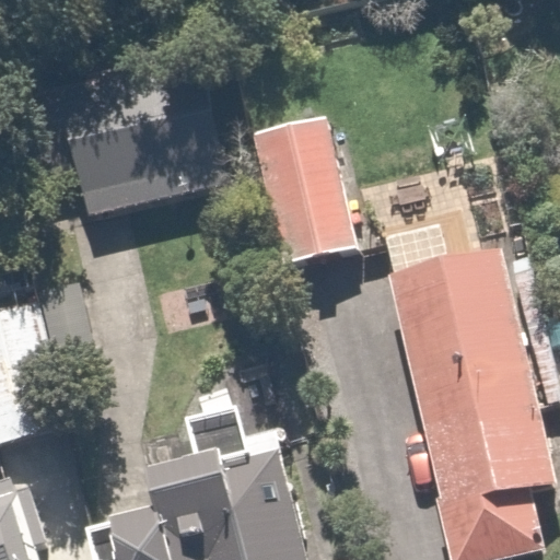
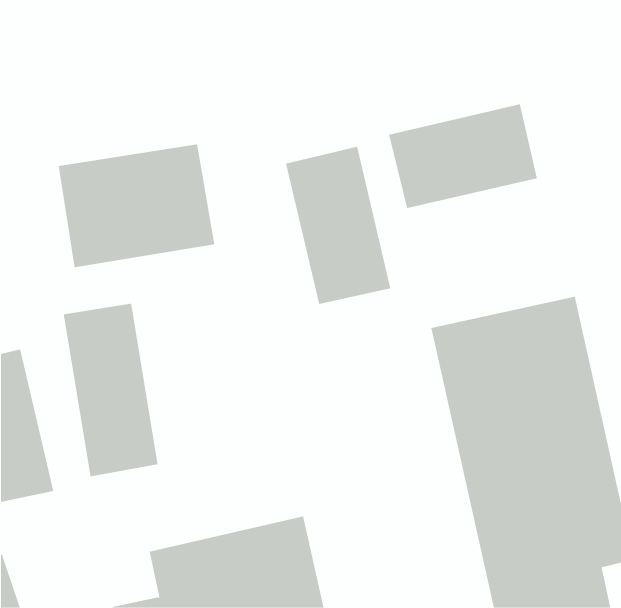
building: none -> [389,103,538,209]
building: none -> [63,303,158,477]

